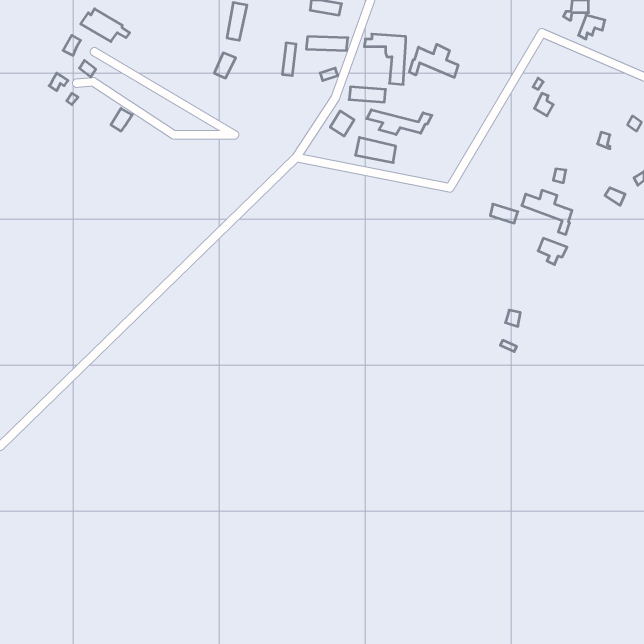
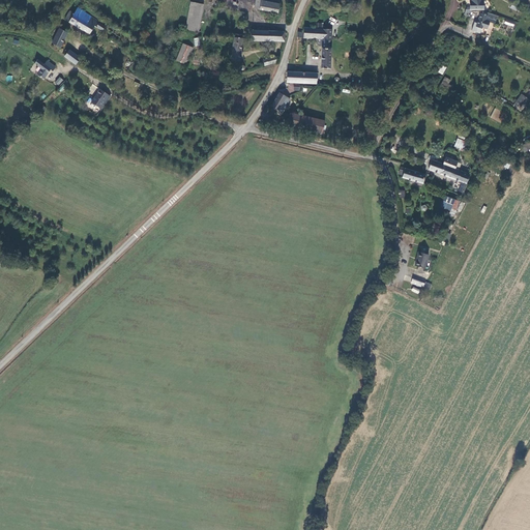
building: [409,44,458,77] -> none
building: [367,110,432,135] -> none

